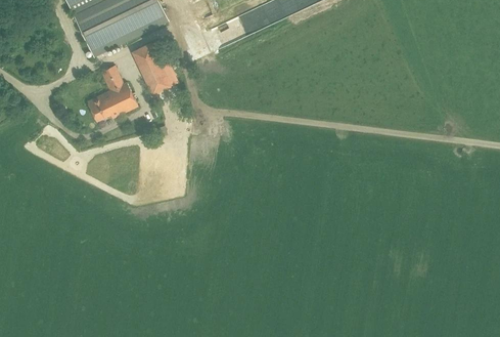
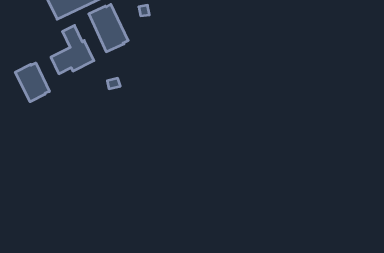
building: none -> [15,63,49,102]

